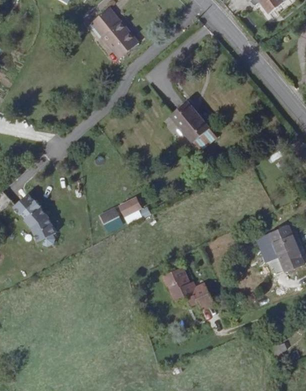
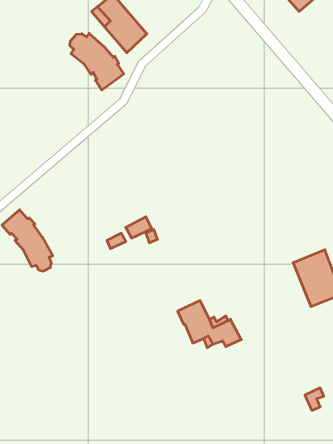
building: none -> [70,33,124,90]
building: [169,100,217,151] -> none

